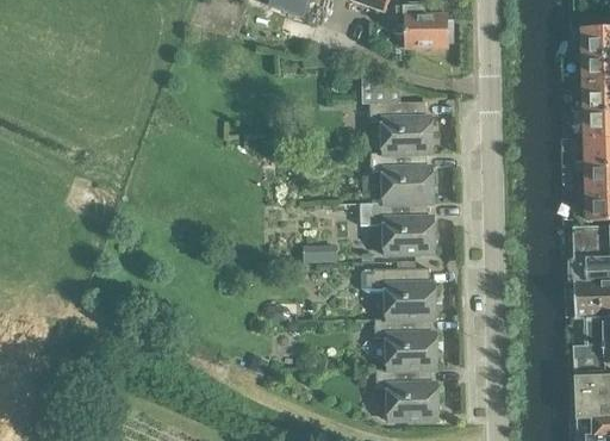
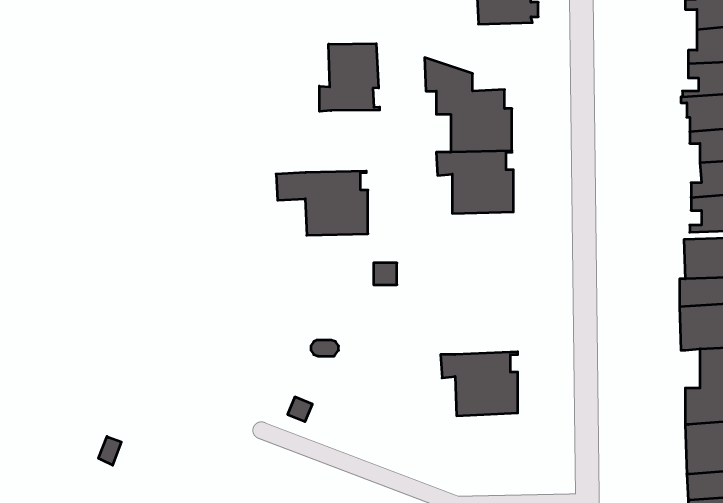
building: none -> [319,44,380,111]
building: [360,201,435,254] -> [276,171,368,235]
building: [362,267,437,318] -> none
building: [375,366,438,420] -> none

